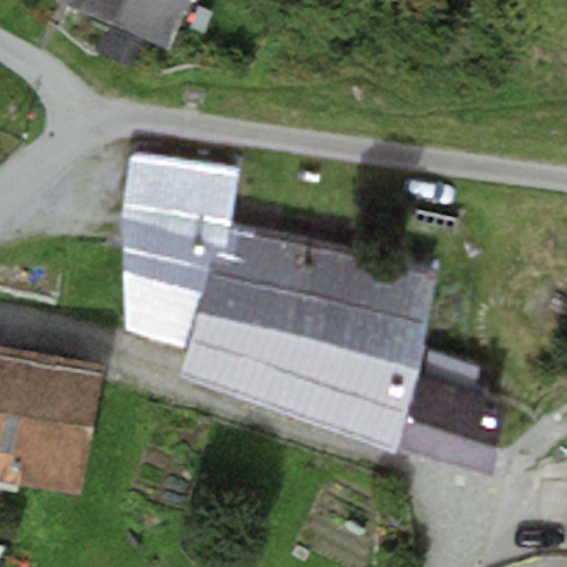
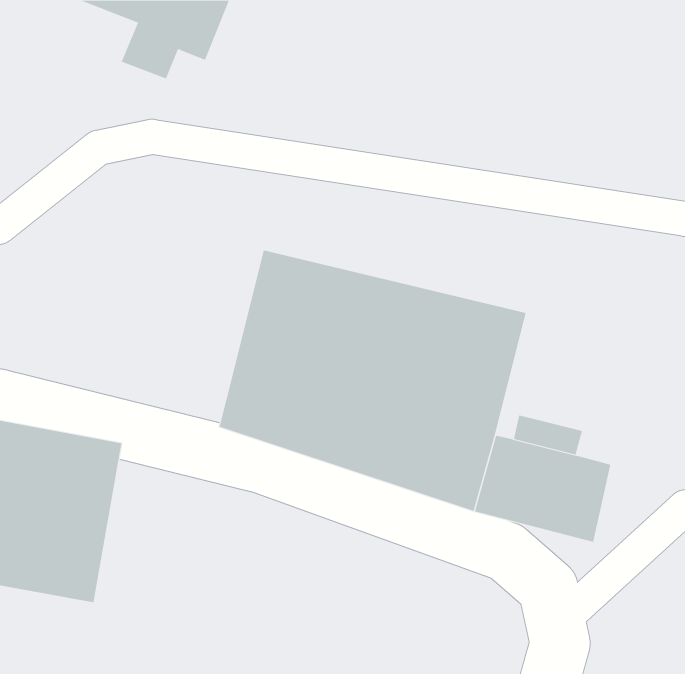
building: [118,152,228,340] -> none

